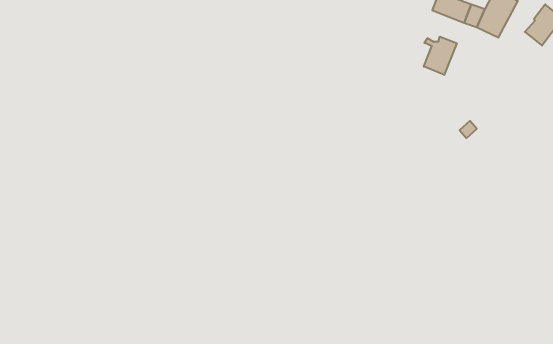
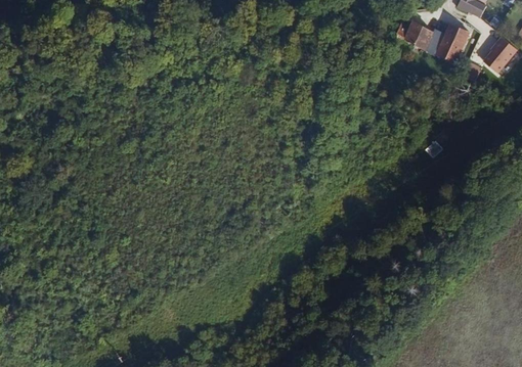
building: [424,37,457,75] -> none

